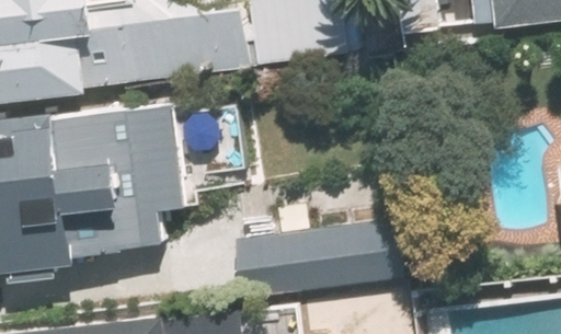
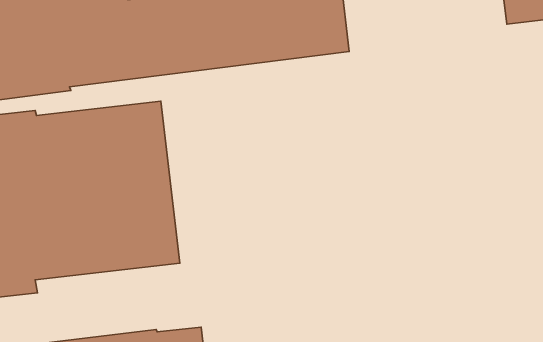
building: [227,220,400,299] -> none

